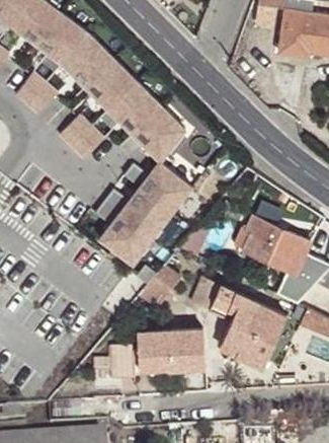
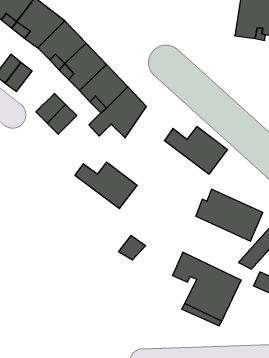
building: [124,162,192,214] -> [164,127,228,174]
building: [94,203,153,267] -> none
building: [96,328,205,378] -> none

